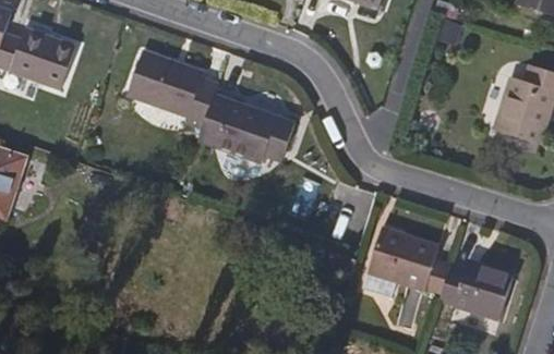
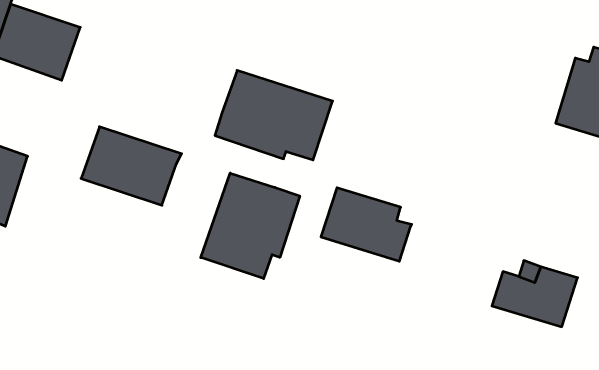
building: [128,50,217,120] -> [81,127,182,205]
building: none -> [201,173,300,279]
building: [370,227,450,292] -> [321,188,412,261]

